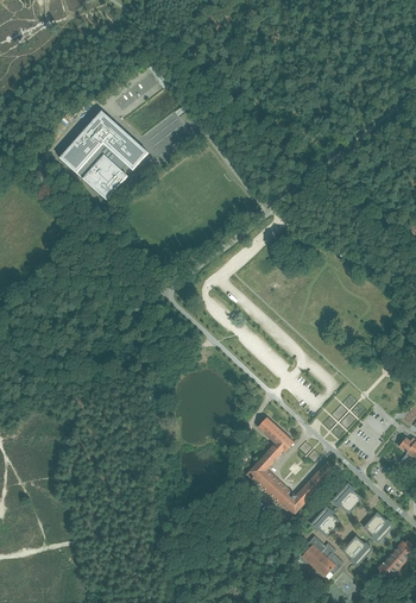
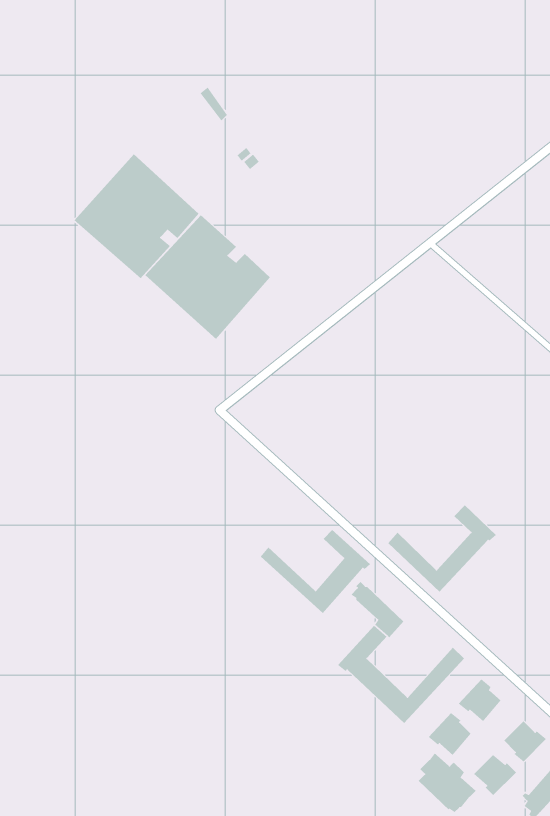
building: none -> [144,214,271,340]
building: none -> [387,505,497,592]
building: none -> [260,529,371,614]

